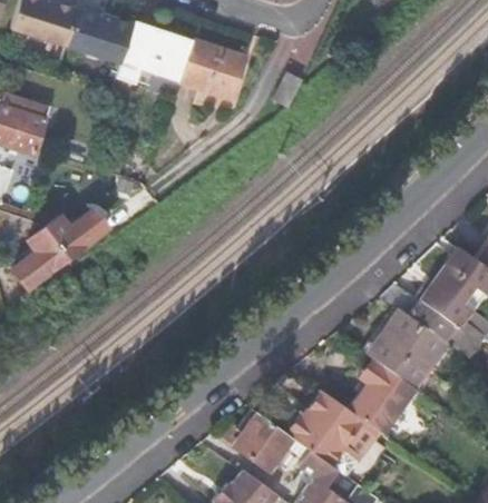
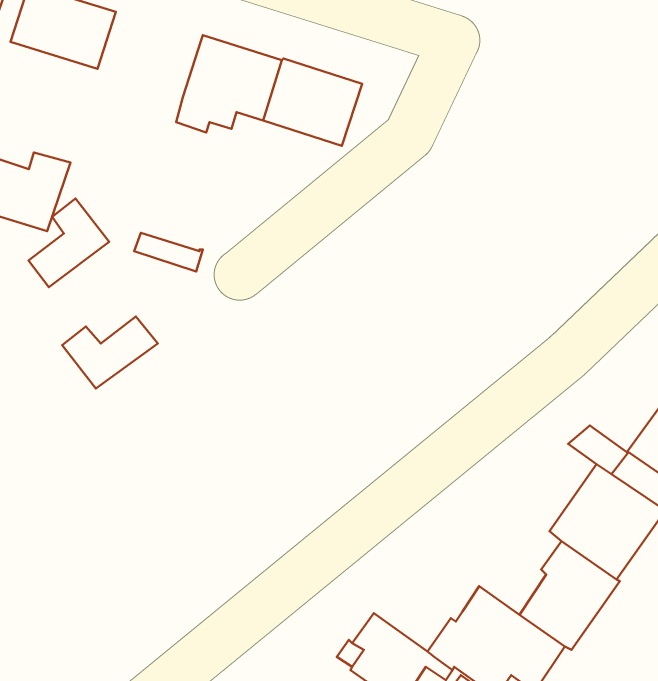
building: [68,9,137,66] -> none
building: [13,230,67,289] -> [29,198,109,287]

